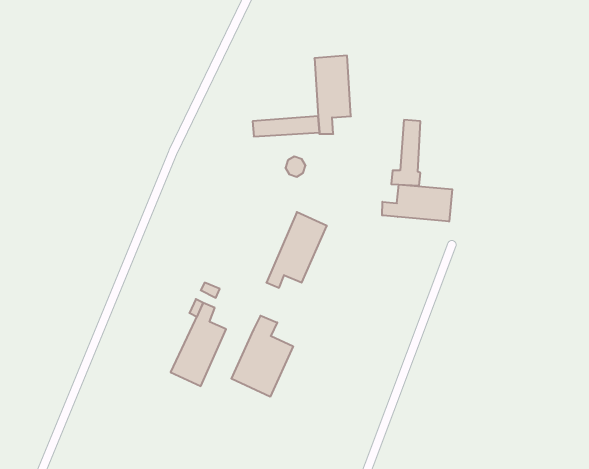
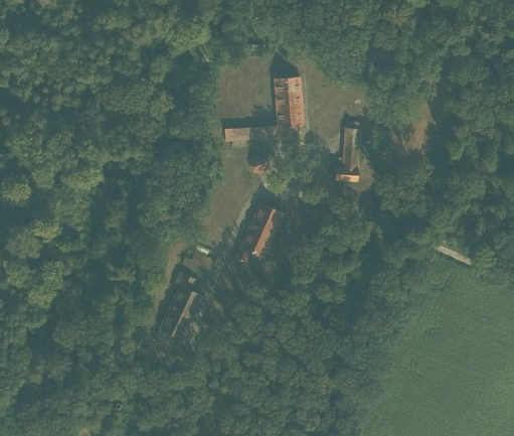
building: [382,185,452,222] -> none
building: [231,316,293,397] -> none

